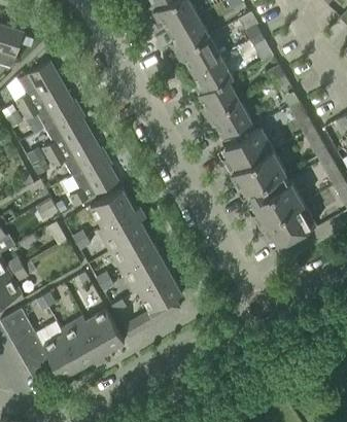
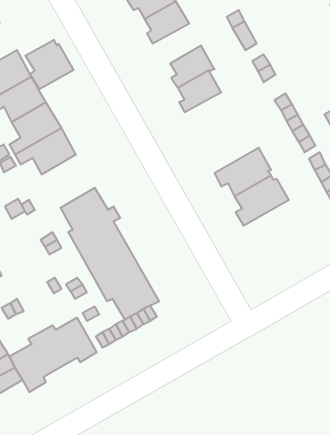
building: [175,36,220,73] -> none
building: none -> [25,40,74,89]
building: [205,100,250,137] -> none
building: [222,128,274,175] -> none
building: [69,157,117,206] -> none
building: [259,200,315,245] -> none

